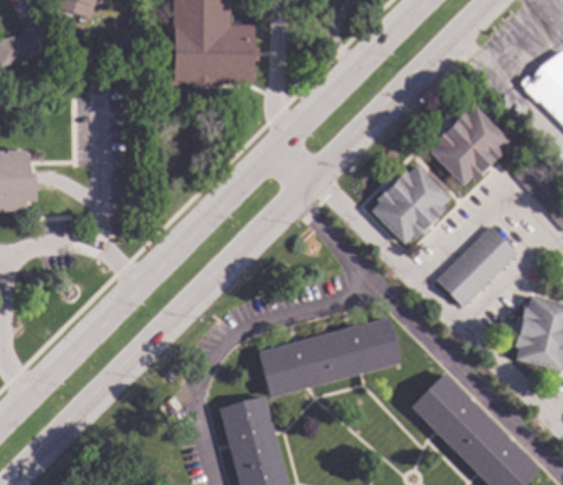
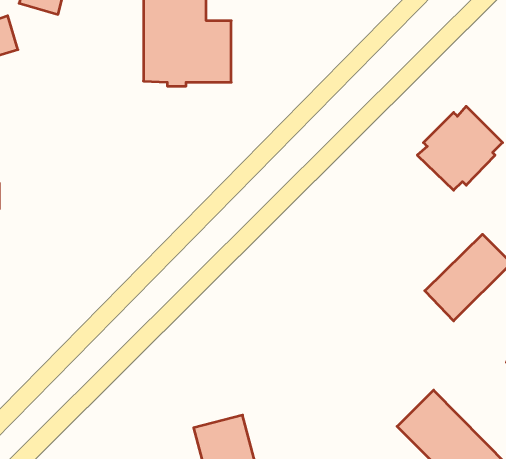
building: [372,164,452,243] -> none
building: [260,317,401,397] -> none

